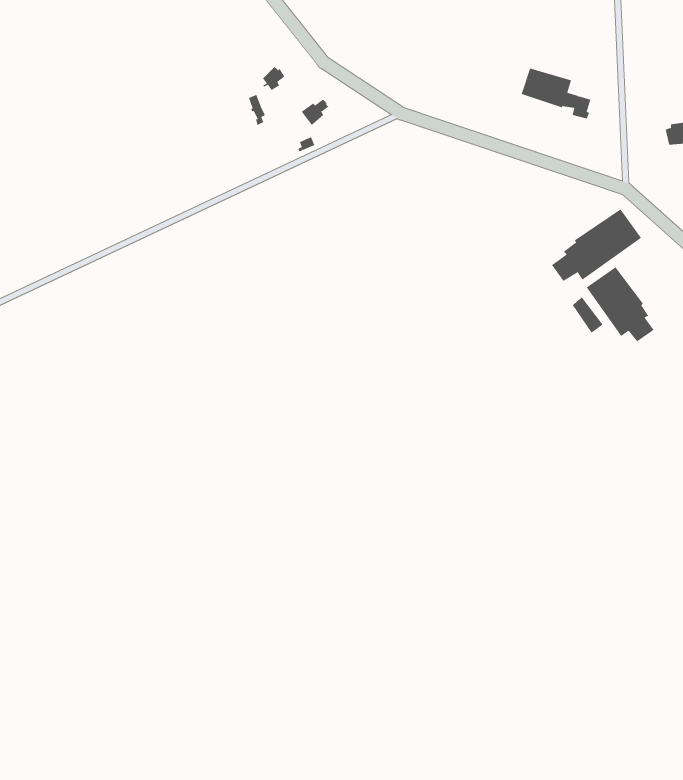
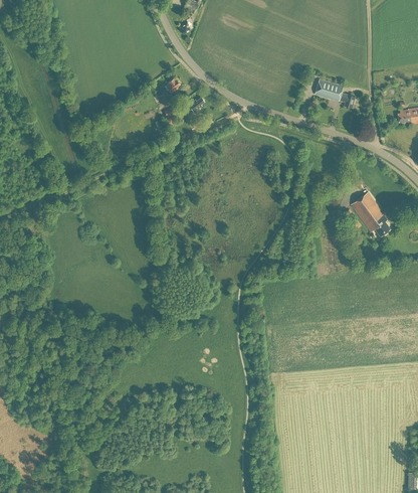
building: [551,209,642,282] -> none

